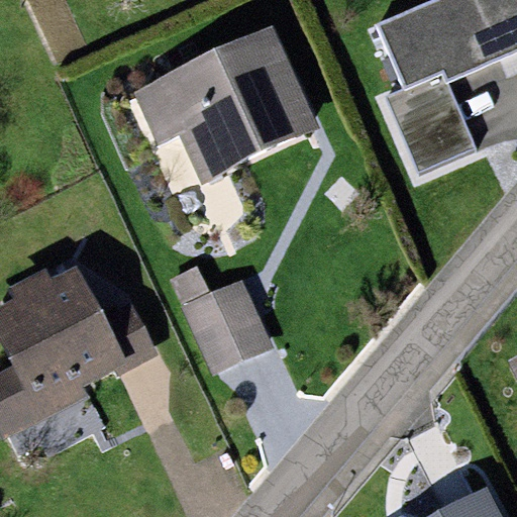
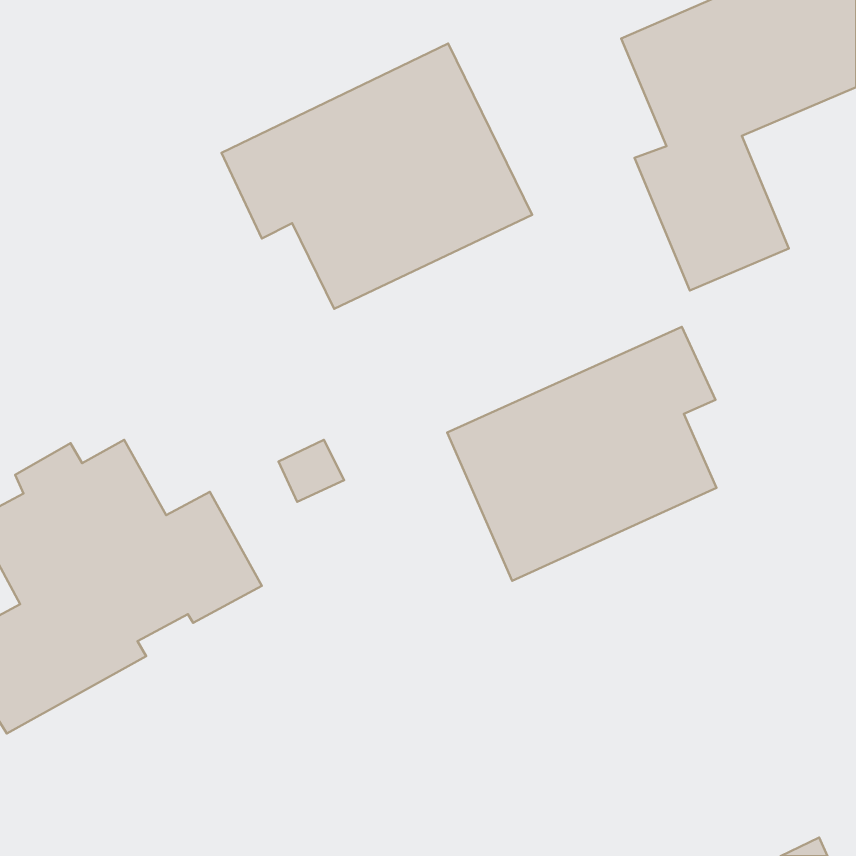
building: none -> [447,327,716,581]
building: [181,277,273,374] -> none

